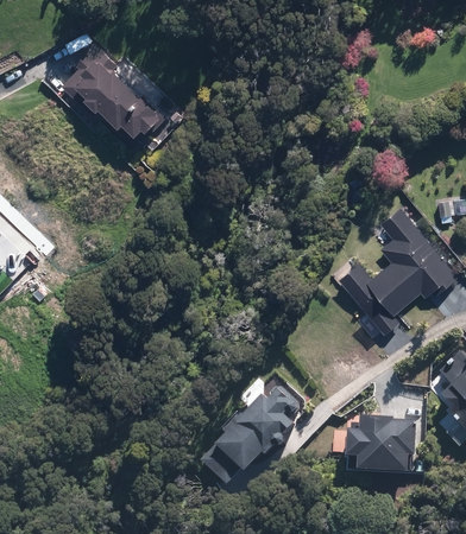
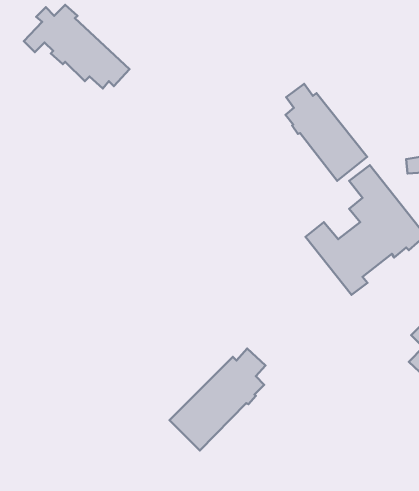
building: none -> [286,84,367,181]
building: [347,414,423,472] -> none

